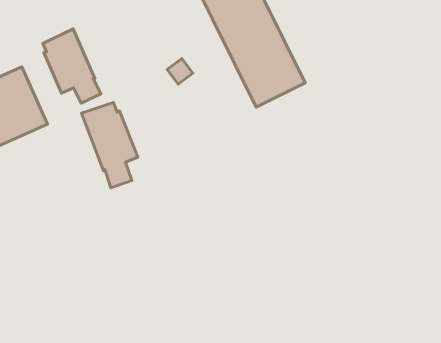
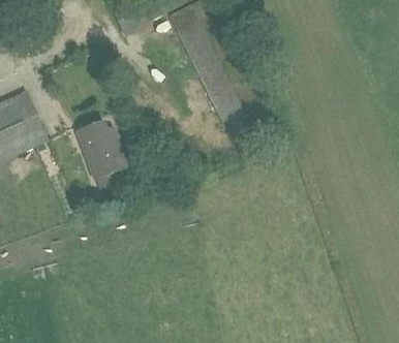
building: [43,29,101,103] -> none

